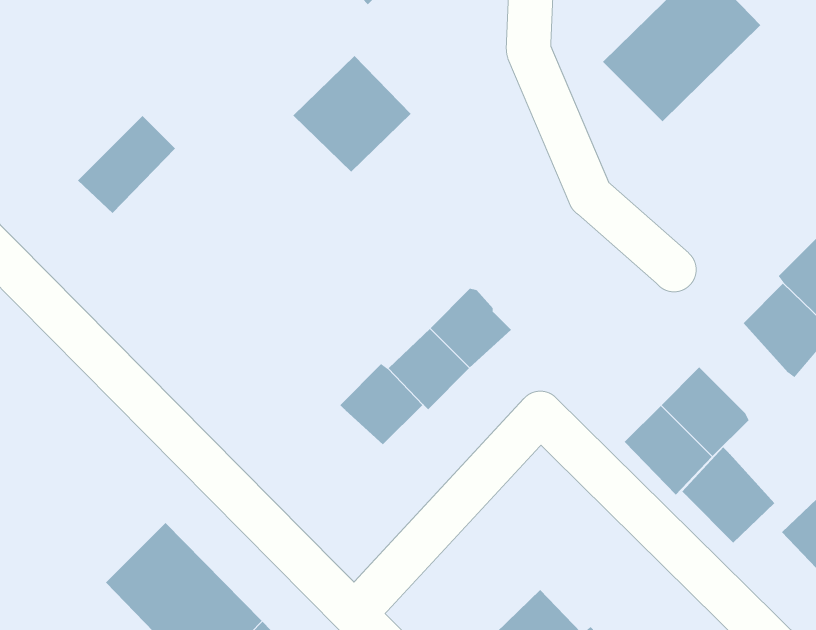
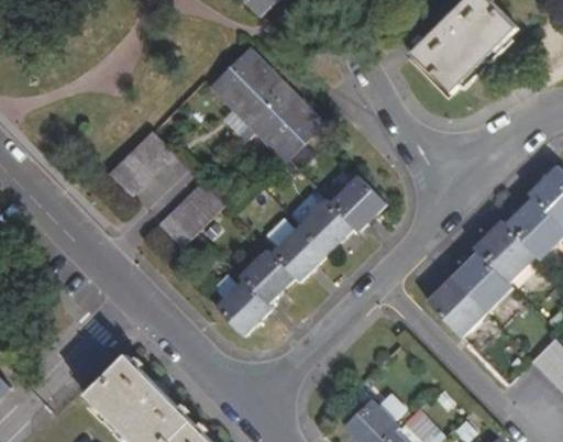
building: none -> [247,87,323,164]
building: [77,115,176,214] -> [109,132,174,197]
building: none -> [330,177,385,232]
building: none -> [159,183,224,247]
building: none -> [216,281,272,336]
building: [681,446,775,543] -> [473,220,534,284]

